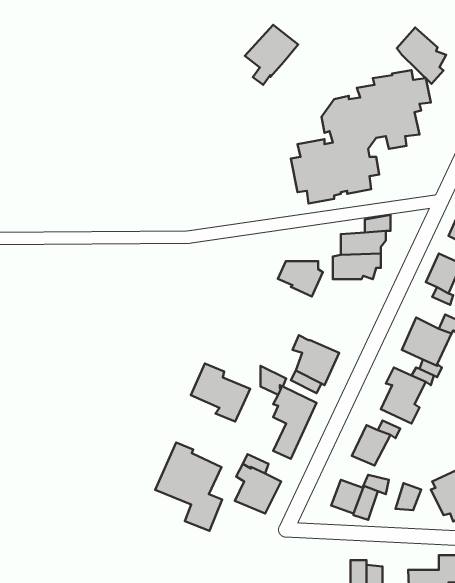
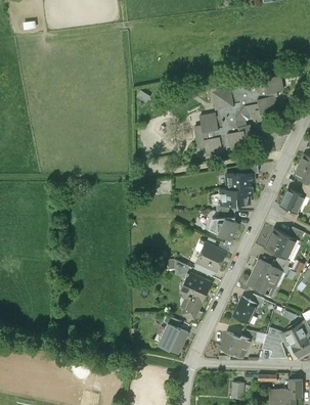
building: [245,25,298,85] -> none
building: [397,27,446,84] -> none
building: [278,261,323,296] -> [209,217,237,239]
building: [191,363,250,422] -> none
building: [155,442,222,531] -> none

